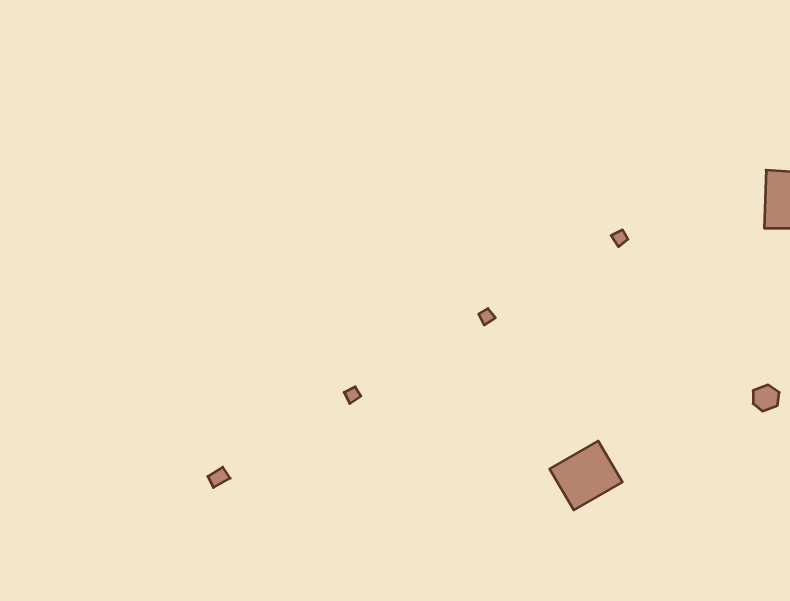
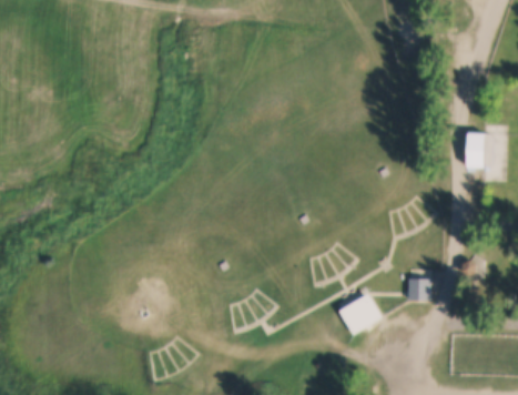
building: none -> [408,277,429,300]

